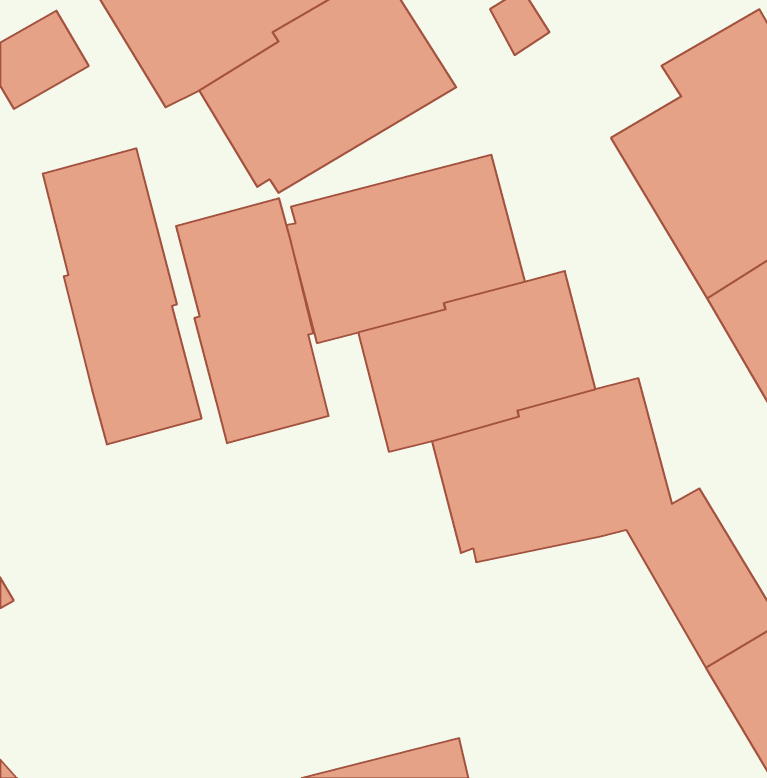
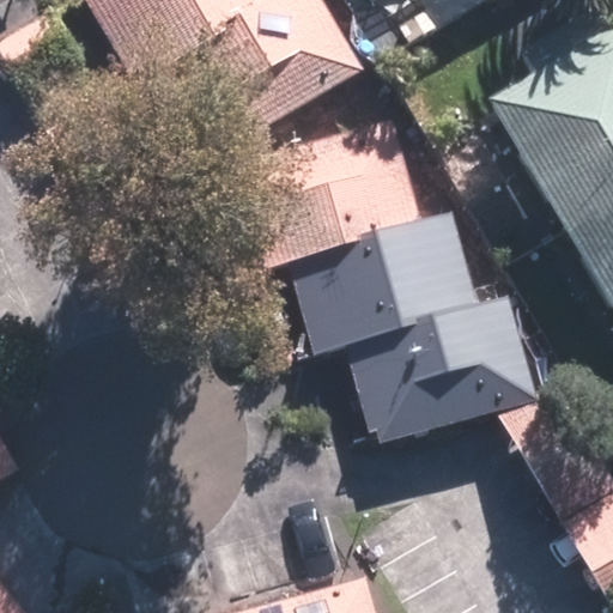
building: [43,148,201,445] -> none
building: [176,198,329,443] -> none

